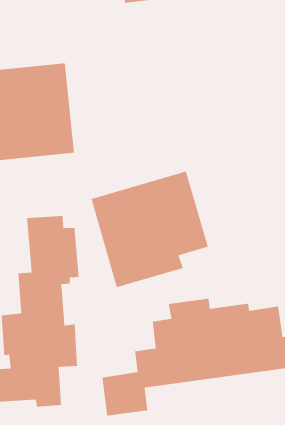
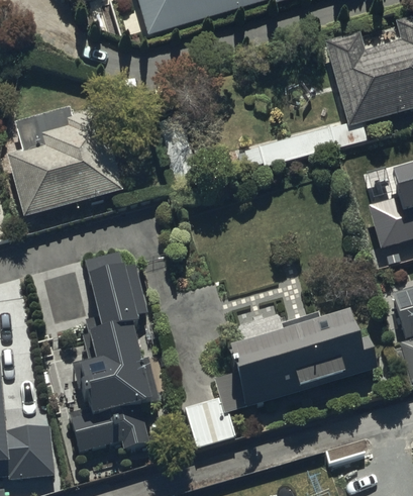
building: [90,170,209,288] -> none

